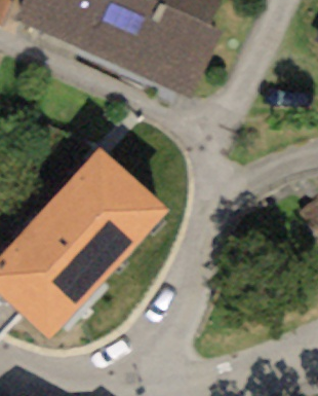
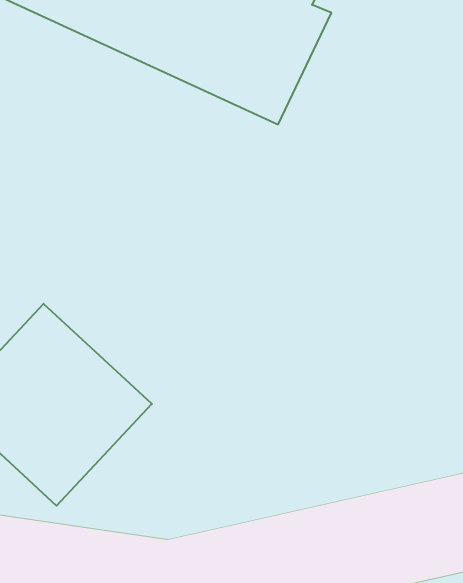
building: [39,146,168,275] -> none

